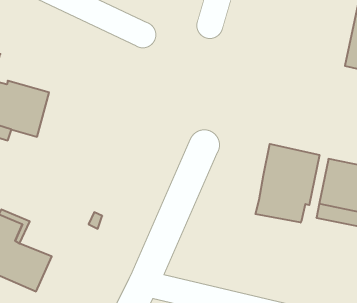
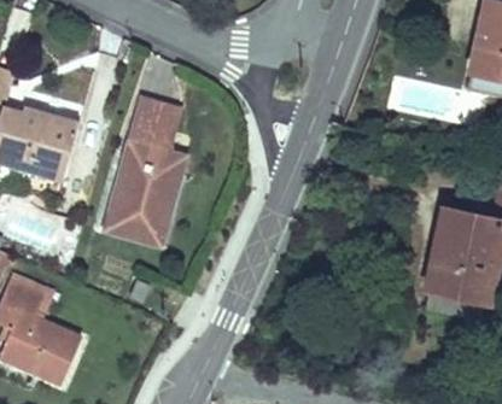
building: none -> [105,96,185,244]
building: [255,144,319,223] -> none

